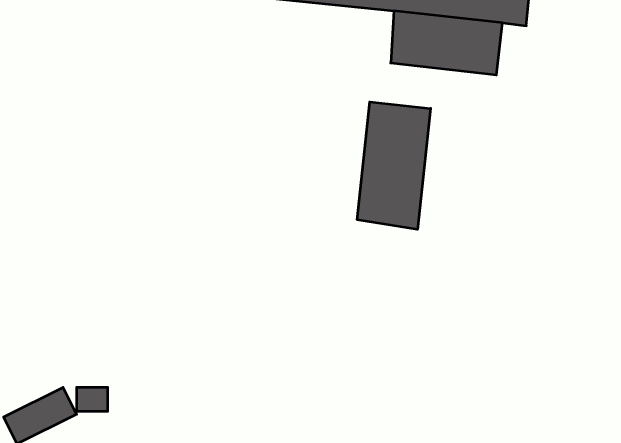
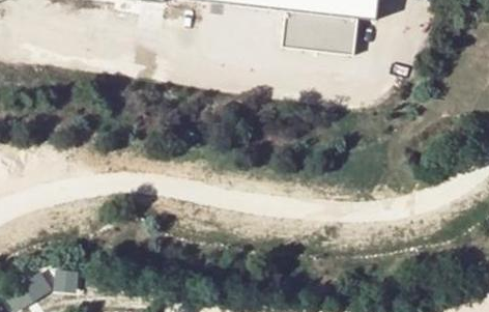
building: [357,102,431,229] -> none

